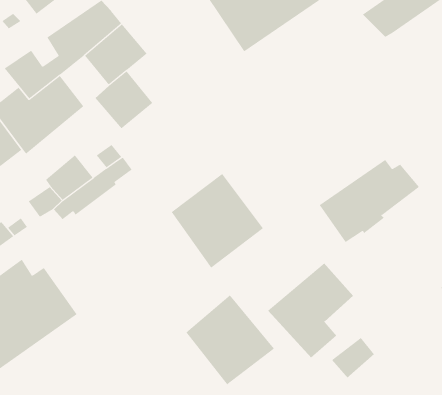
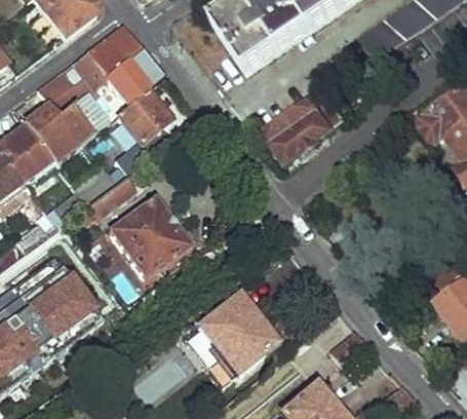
building: [319,159,420,243] -> [264,89,354,164]
building: [171,173,264,268] -> [106,195,189,280]
building: [267,263,354,359] -> none

